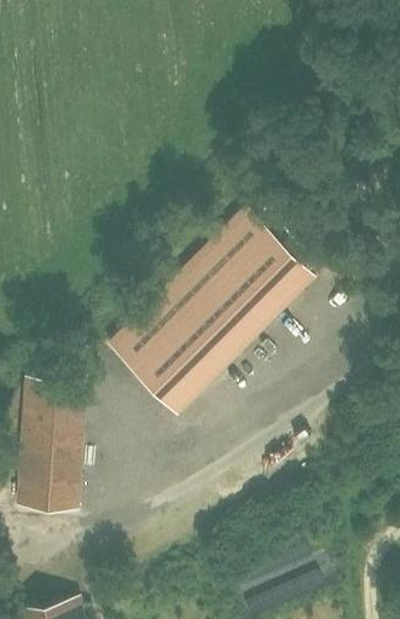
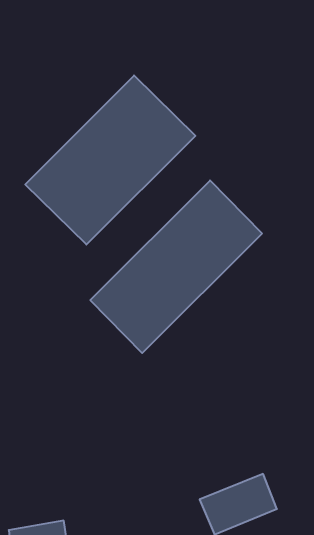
building: none -> [25,75,195,245]
building: [23,381,85,510] -> none

